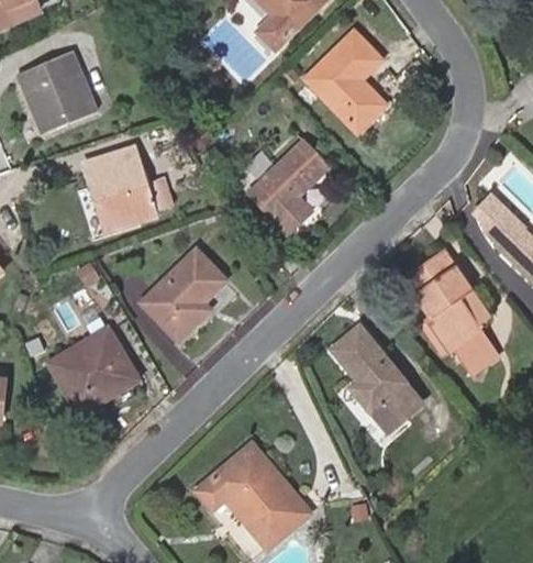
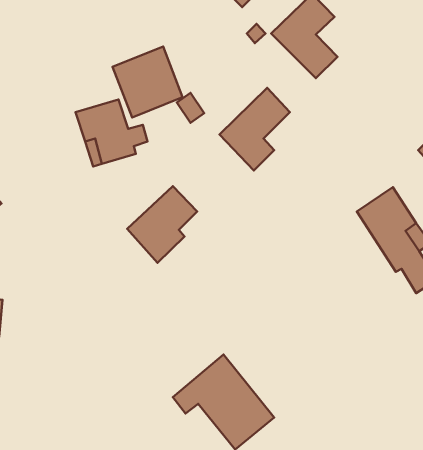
building: [18,51,97,131] -> [113,46,183,117]
building: [331,324,425,437] -> none
building: [53,329,136,411] -> none

